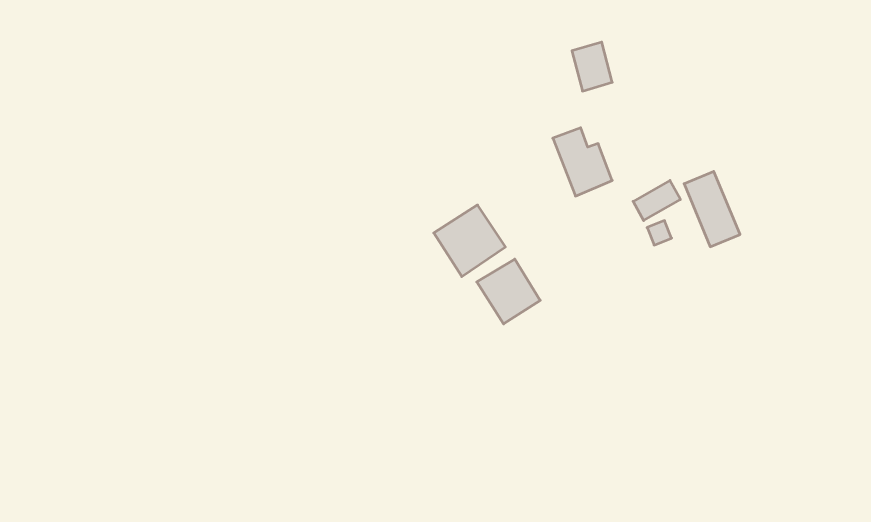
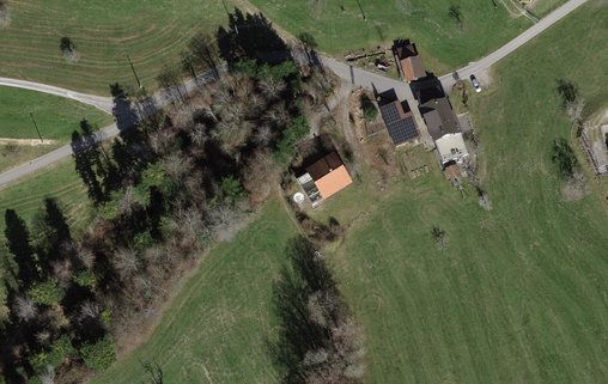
building: [684,171,740,247] -> [419,84,457,135]
building: [477,259,540,324] -> none

